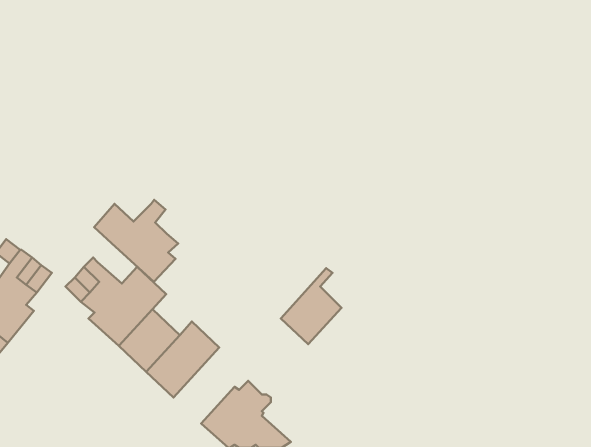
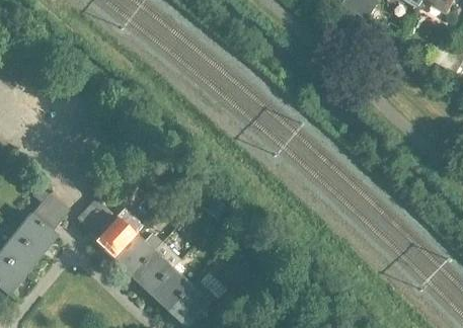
building: [94,200,178,282] -> none
building: [281,268,342,344] -> [149,259,189,310]

